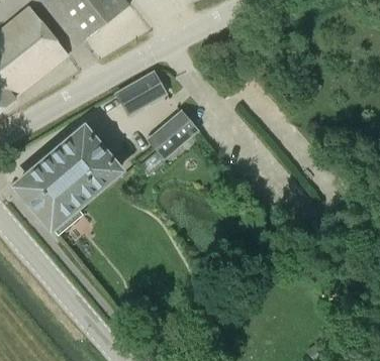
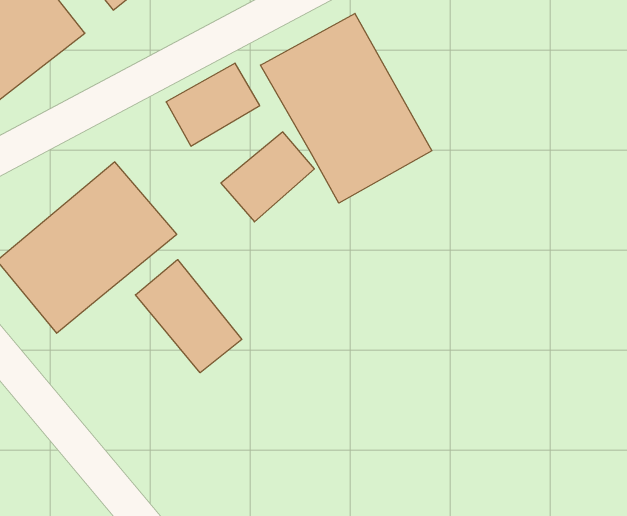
building: none -> [260,13,432,203]
building: none -> [135,260,242,373]

